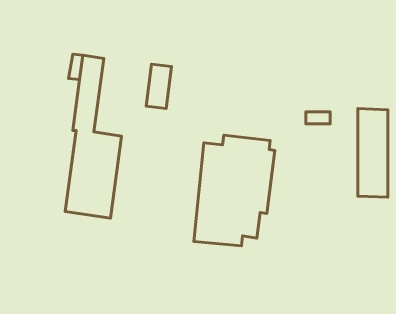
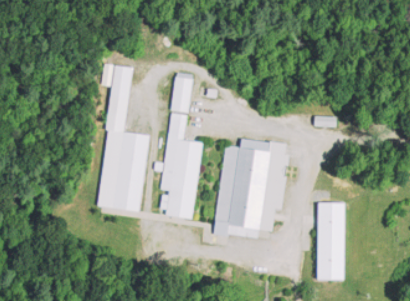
building: none -> [159,113,202,218]
building: [358,109,388,197] -> [318,201,345,281]

